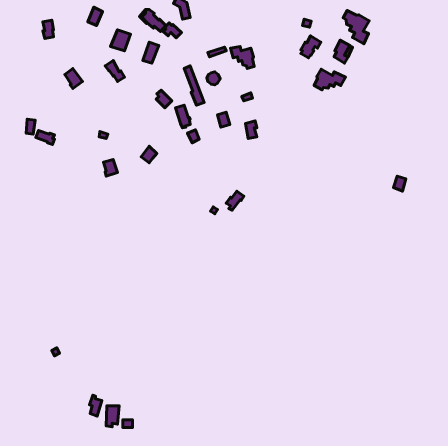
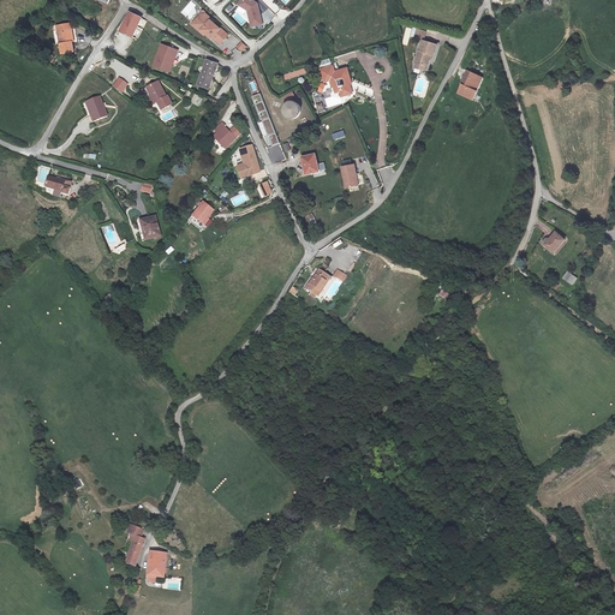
building: [343,10,369,44] -> none
building: [314,69,345,90] -> none

